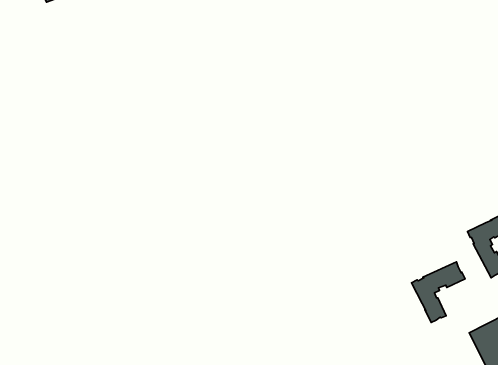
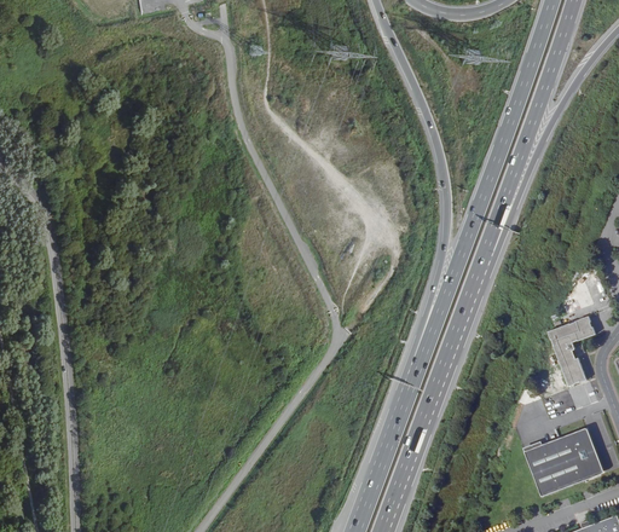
building: [412,262,465,322] -> none

